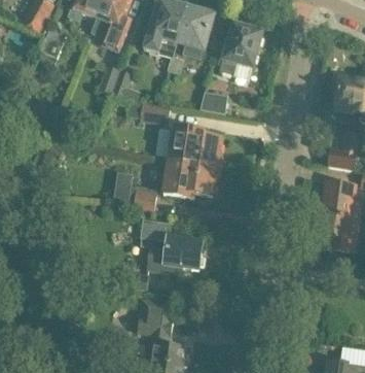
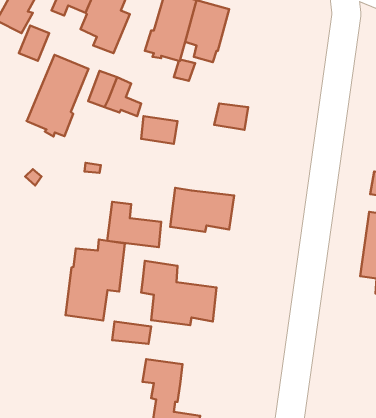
building: [220,24,261,74] -> none
building: none -> [27,55,88,137]
building: [168,126,221,167] -> none
building: none -> [66,240,125,321]

